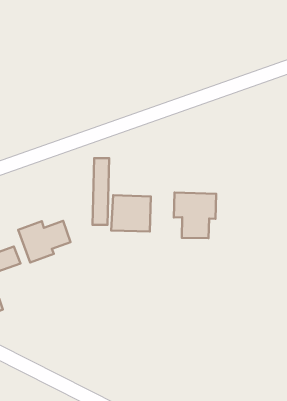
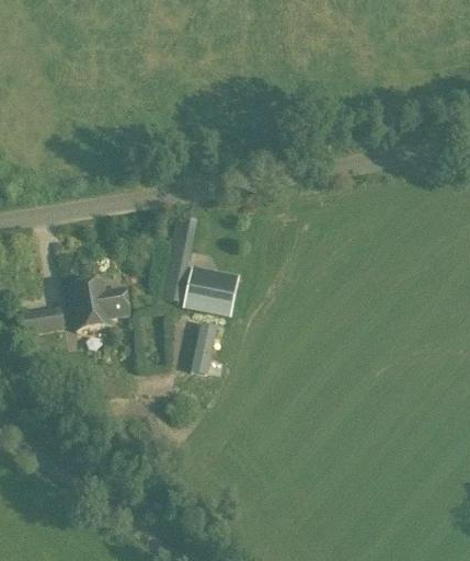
building: [174,192,216,238] -> none
building: none -> [192,330,218,378]

